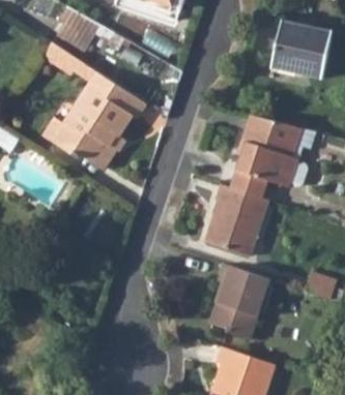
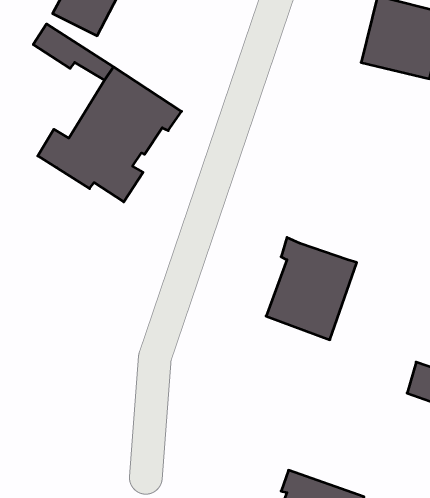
building: [229,121,308,204] -> none
building: [208,268,268,344] -> none

